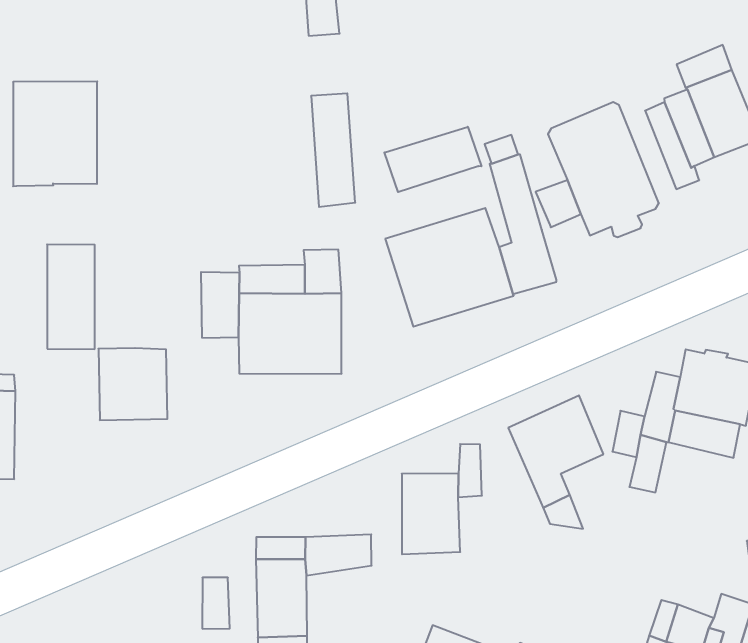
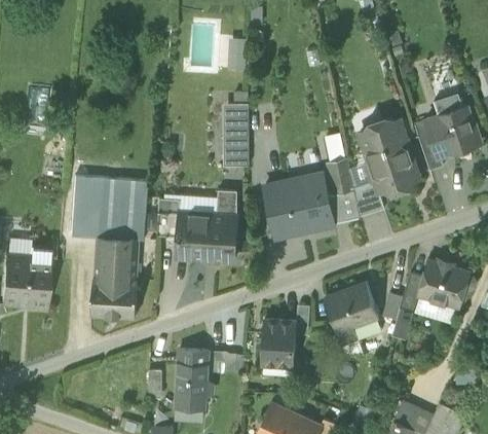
building: [13,81,97,186] -> [96,179,147,240]
building: [384,127,481,192] -> none
building: none -> [351,181,383,217]
building: none -> [89,278,137,318]

